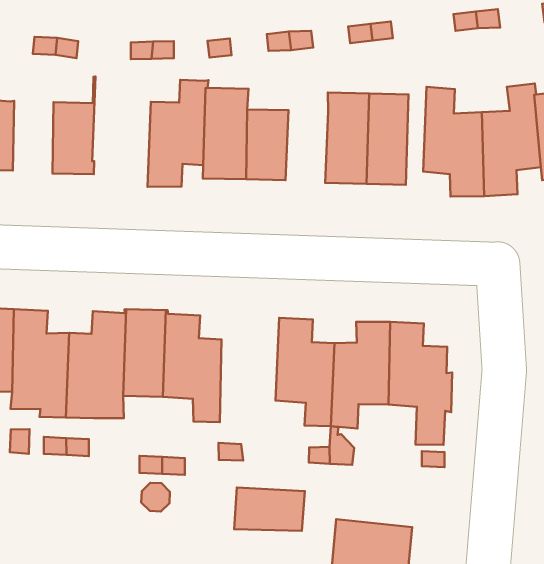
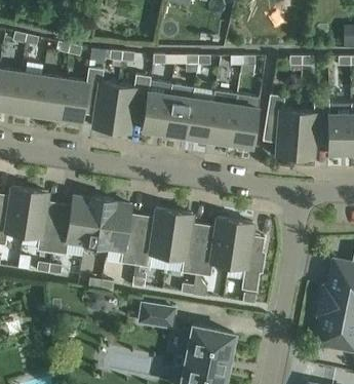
building: none -> [82,68,118,131]
building: none -> [38,76,65,118]
building: none -> [187,99,214,141]
building: none -> [135,209,174,268]

